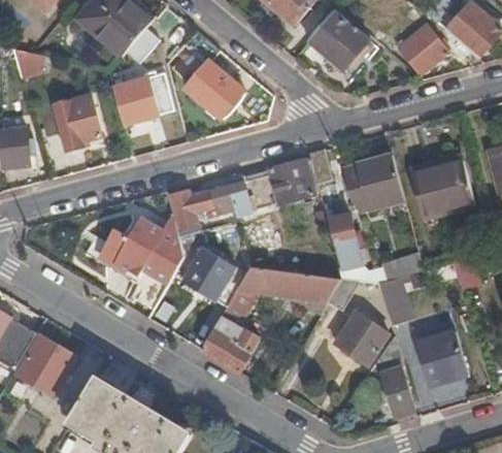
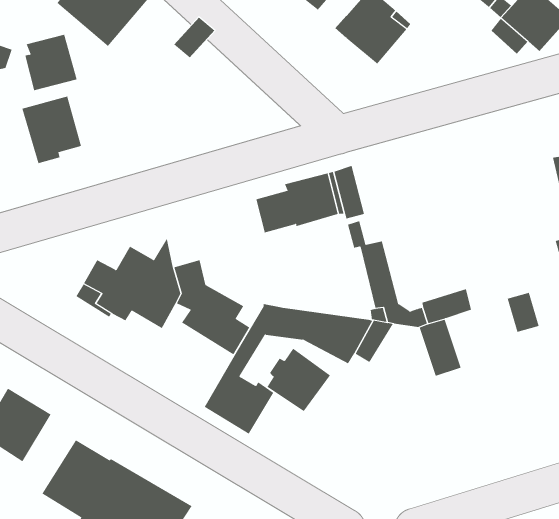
building: [396,28,440,71] -> none
building: [186,62,244,119] -> none
building: [115,77,159,124] -> [25,34,77,91]
building: [340,153,402,211] -> none
building: [407,159,473,217] -> none
building: [166,174,250,235] -> none
building: [333,313,386,365] -> [267,348,331,412]
building: [412,331,466,386] -> none
building: [374,336,412,419] -> none

